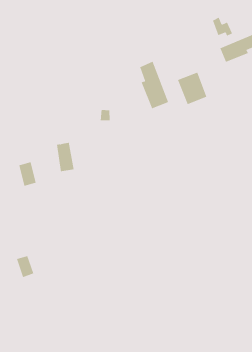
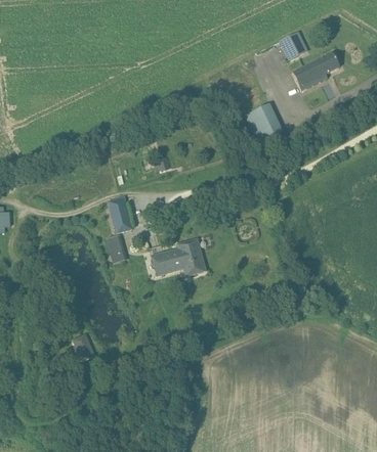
building: [139,61,169,109] -> none
building: [19,162,36,186] -> [104,233,127,263]
building: none -> [152,238,205,274]

